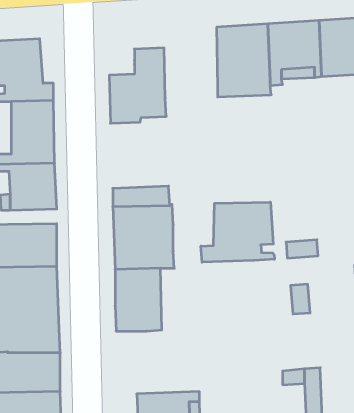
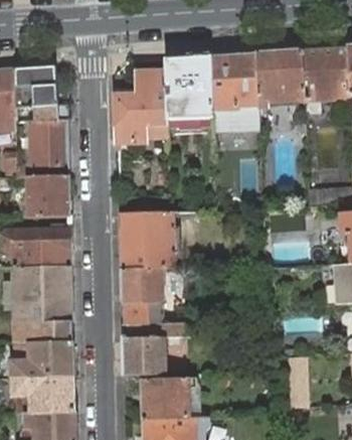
building: none -> [164,56,212,119]
building: [201,202,274,262] -> none
building: none -> [123,324,185,376]

